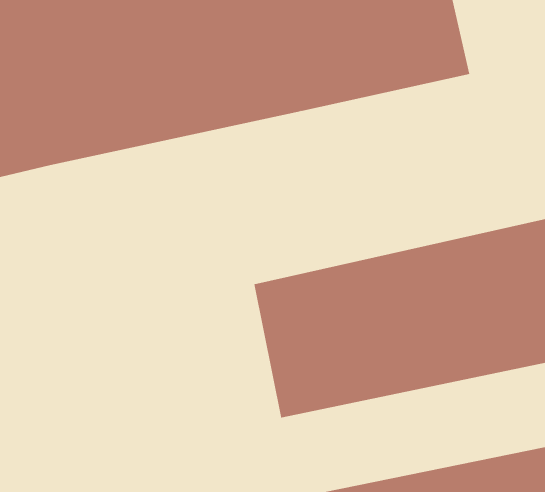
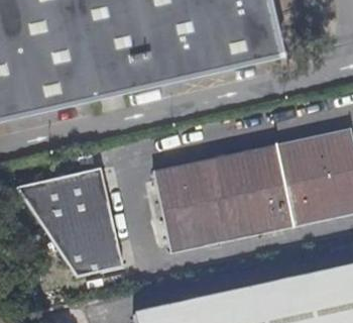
building: none -> [14,171,122,280]

